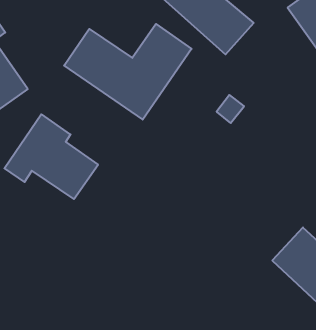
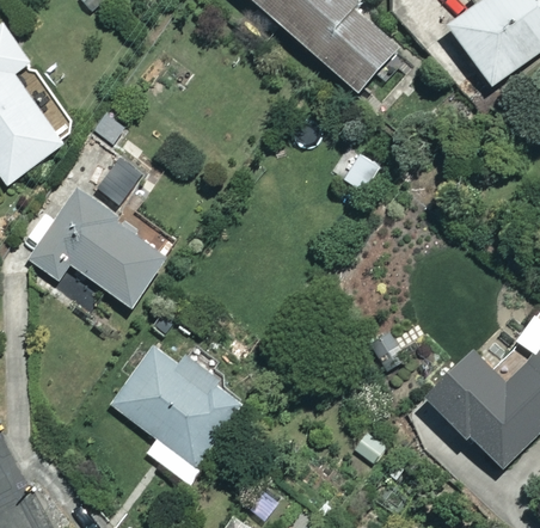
building: [64,24,192,120] -> none
building: none -> [113,348,244,480]

